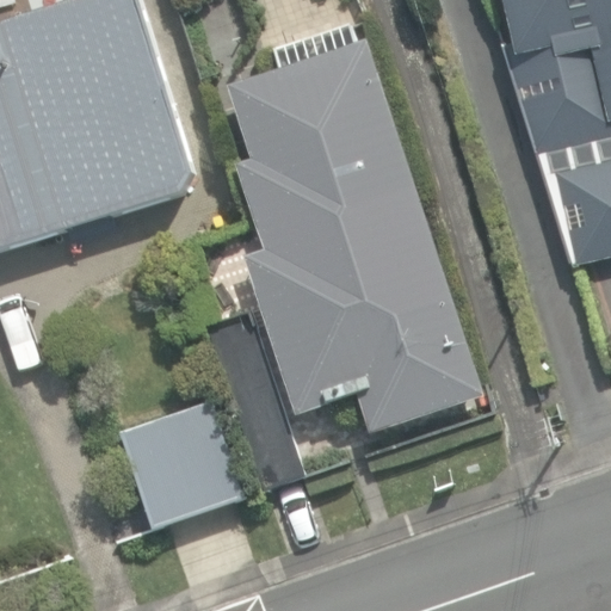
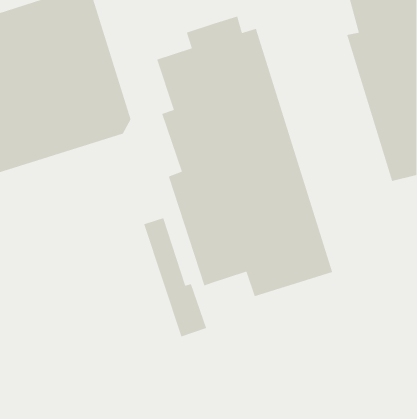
building: [121,400,248,533] -> none

